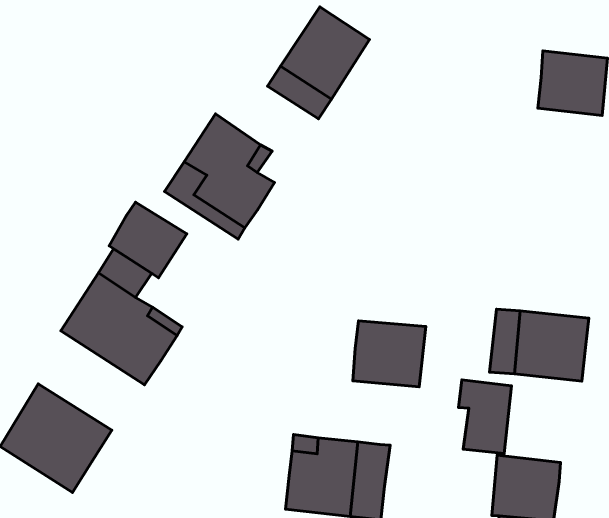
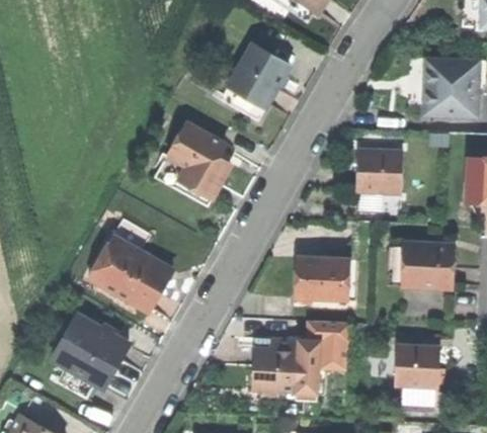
building: none -> [356,150,401,189]
building: [109,202,187,278] -> none
building: [458,380,512,453] -> [315,322,350,370]

